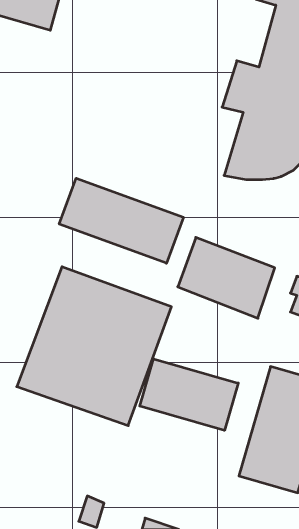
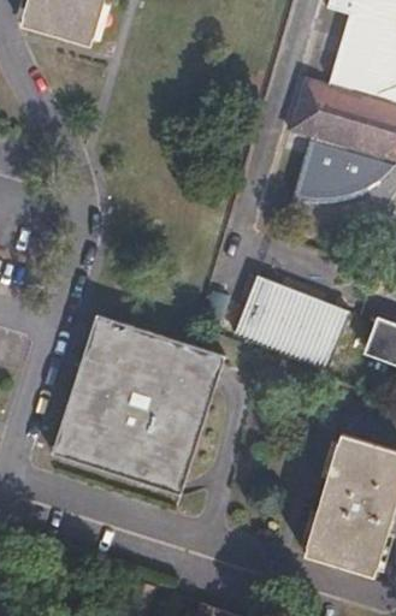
building: [59,178,183,263] -> none
building: [140,359,238,430] -> none

